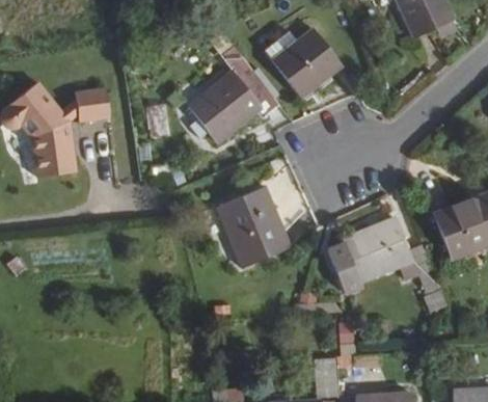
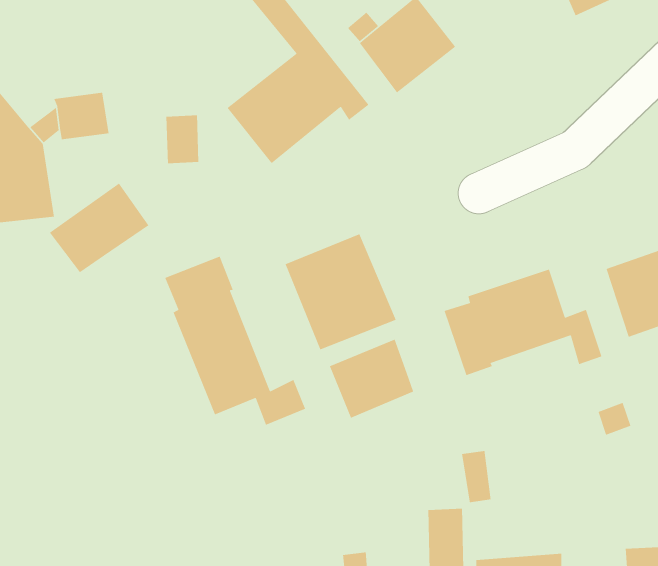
building: none -> [49,183,150,274]
building: none -> [164,255,306,426]
building: none -> [329,339,415,419]

